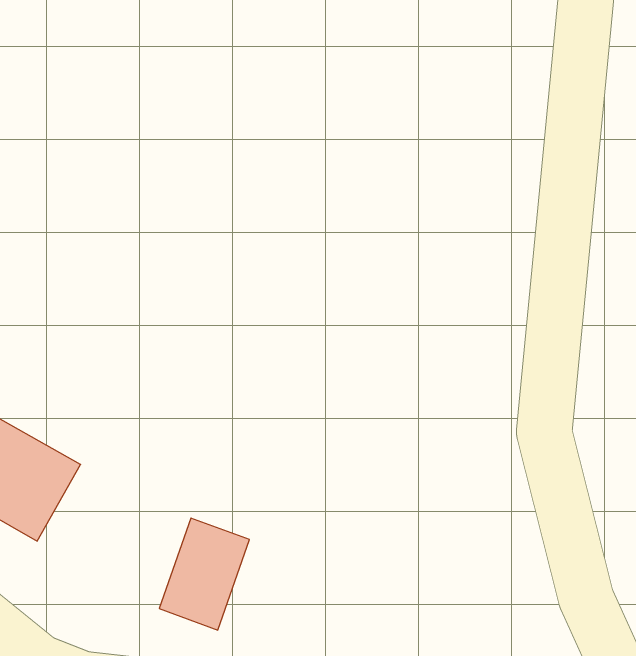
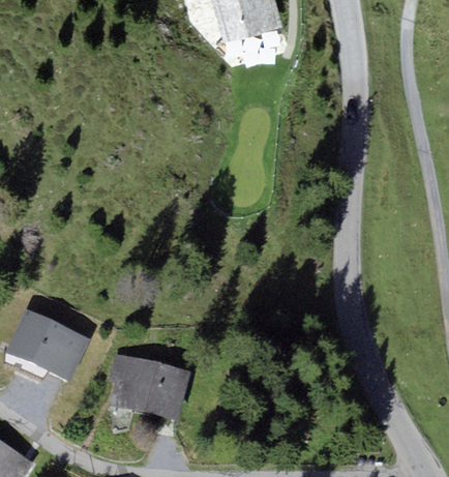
building: none -> [107,349,155,416]

